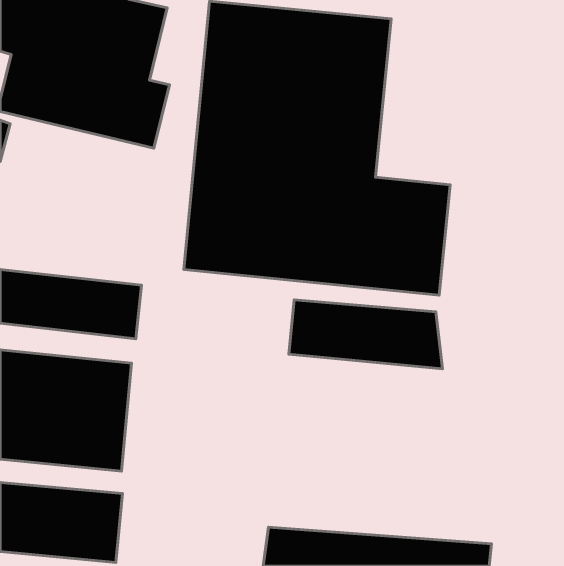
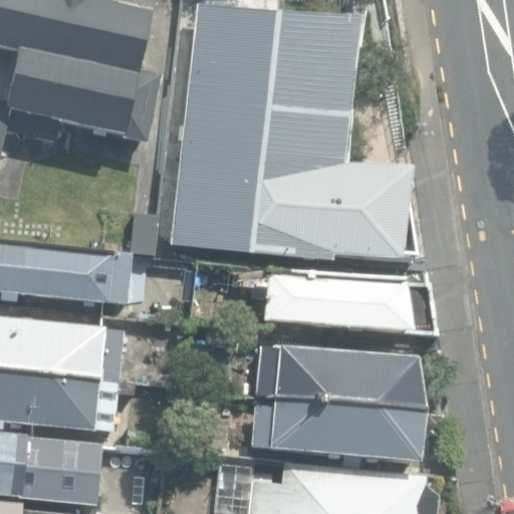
building: none -> [255,343,419,462]

